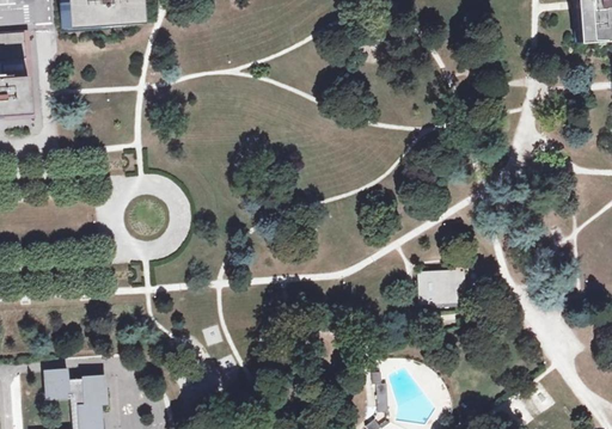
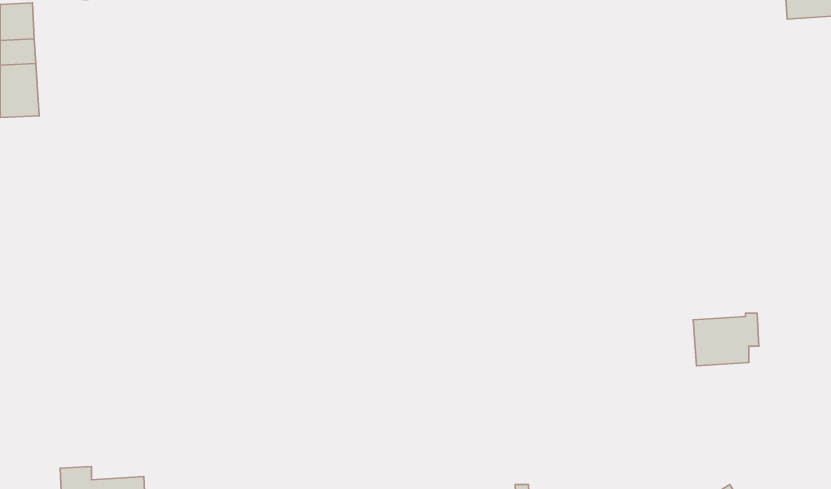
building: [418,266,466,305] -> [693,313,759,366]

